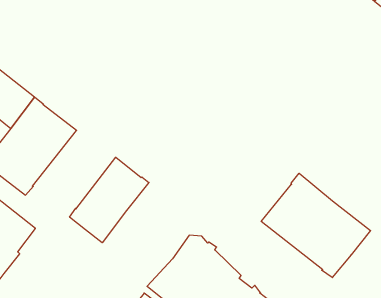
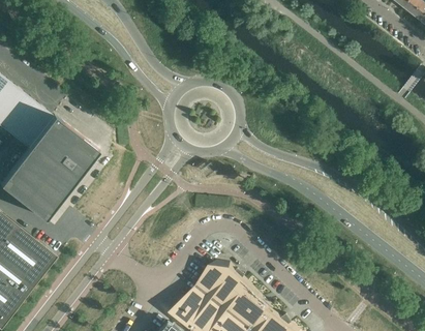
building: [70,157,149,243] -> none
building: [261,173,371,278] -> none

